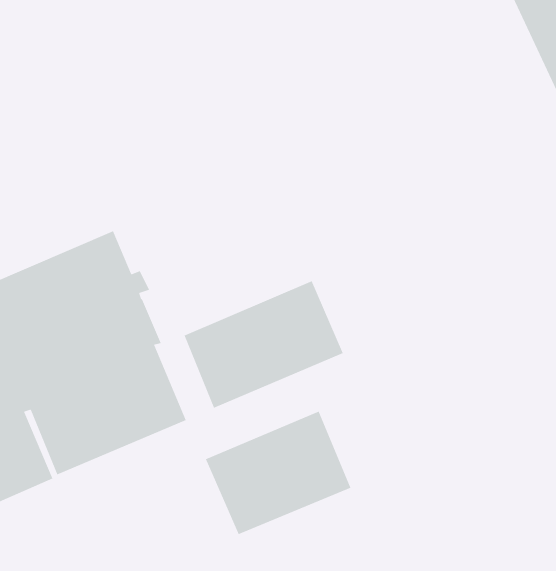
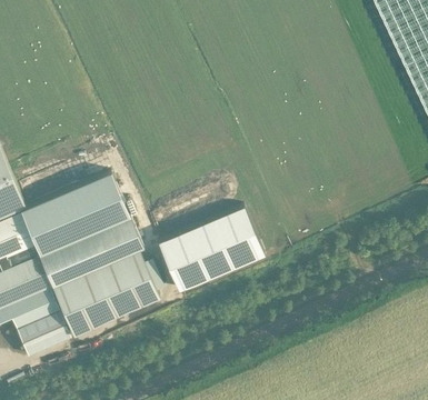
building: [205,410,351,535] -> none

